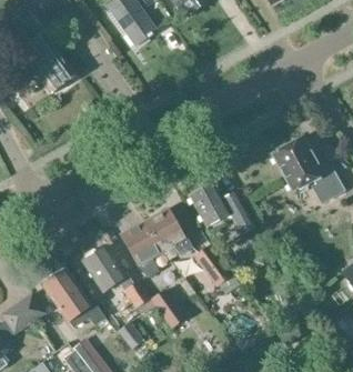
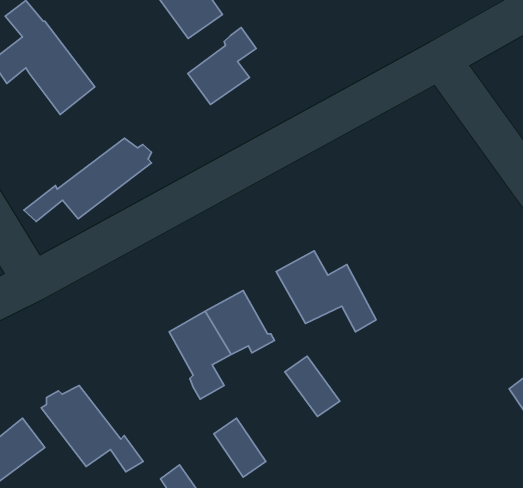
building: none -> [188,28,256,105]
building: none -> [24,138,152,222]
building: [274,139,344,204] -> none
building: [82,247,150,309] -> none

